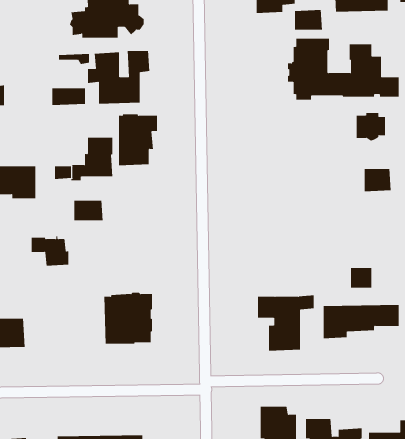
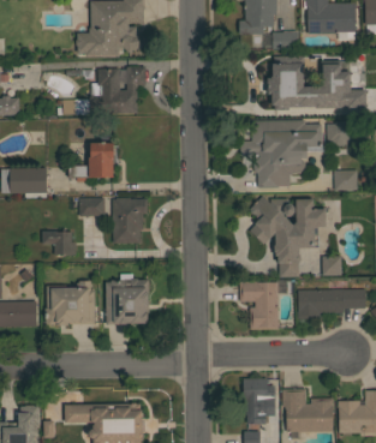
building: none -> [241,121,324,188]
building: [118,114,158,166] -> [113,198,148,244]
building: none -> [250,197,326,277]
building: none -> [46,281,95,325]

